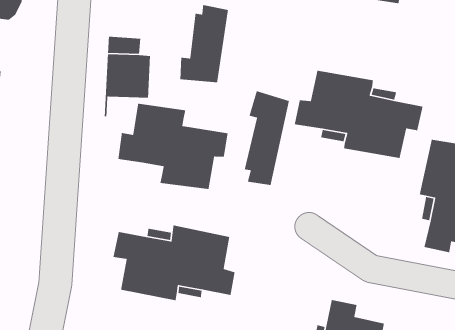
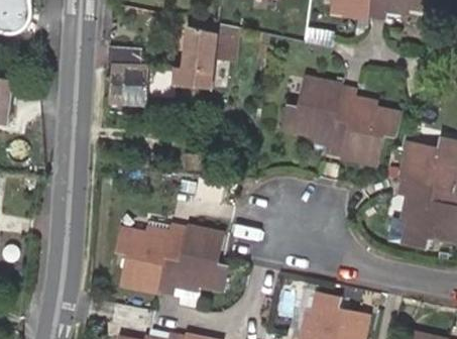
building: [244,90,290,186] -> none
building: [117,103,229,190] -> none

